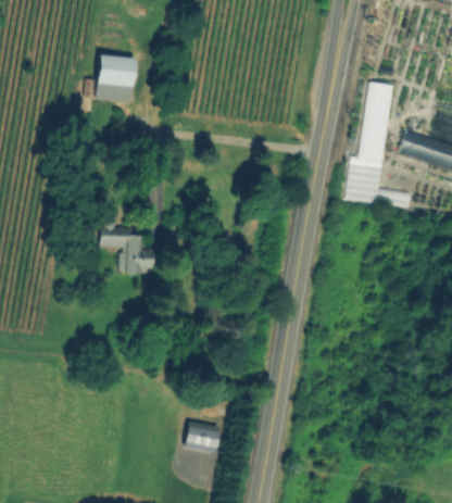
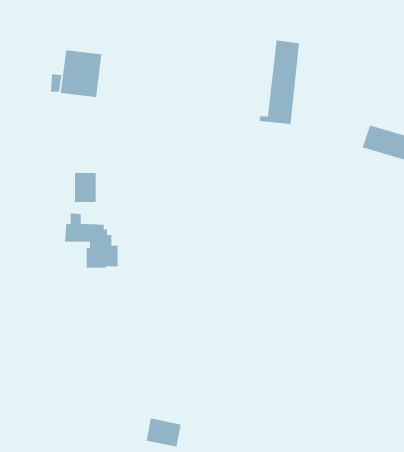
building: [350,83,391,167] -> [259,40,300,125]
building: none -> [75,172,96,203]

